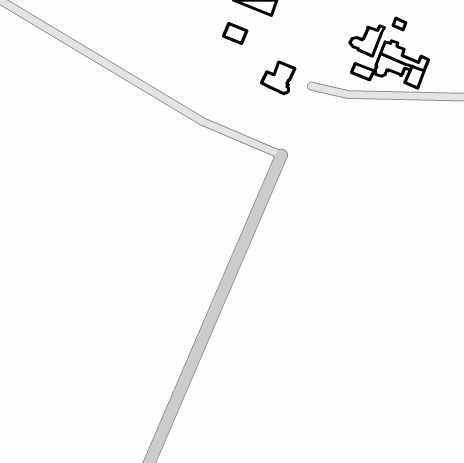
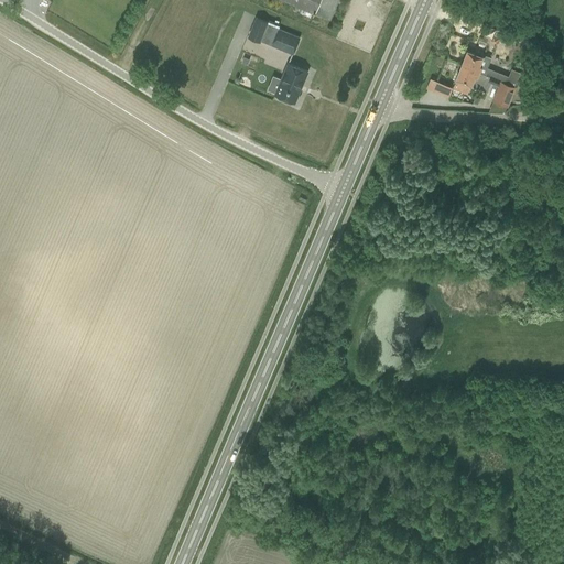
building: none -> [247,18,280,45]
building: [350,26,385,56] -> none
building: [261,62,295,94] -> [267,65,307,104]

